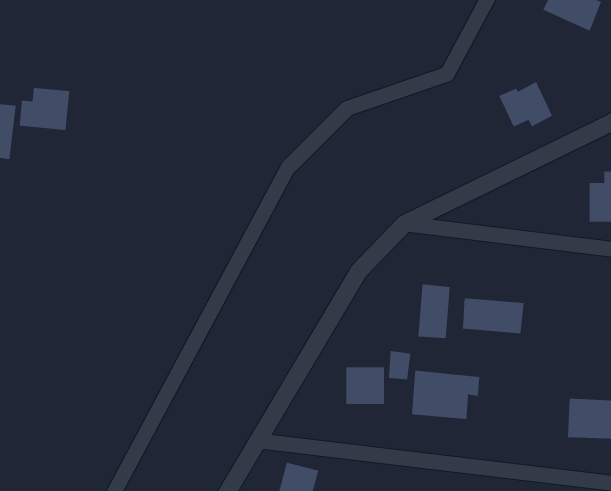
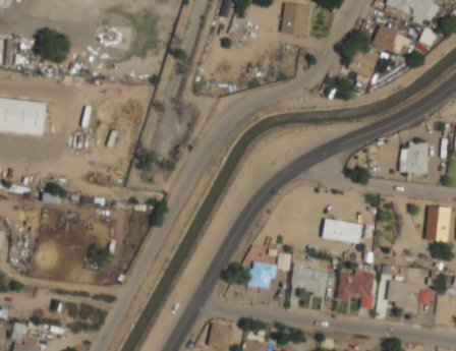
building: [499,81,553,127] -> [347,48,381,76]
building: [19,87,70,131] -> none
building: [418,283,450,339] -> none
building: none -> [337,268,377,308]

